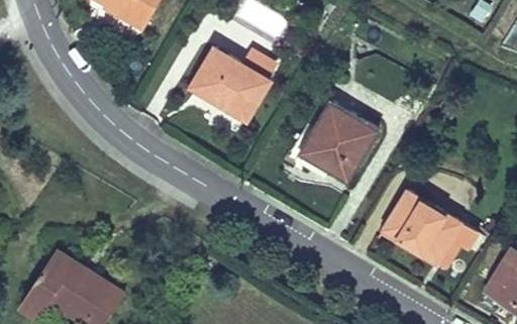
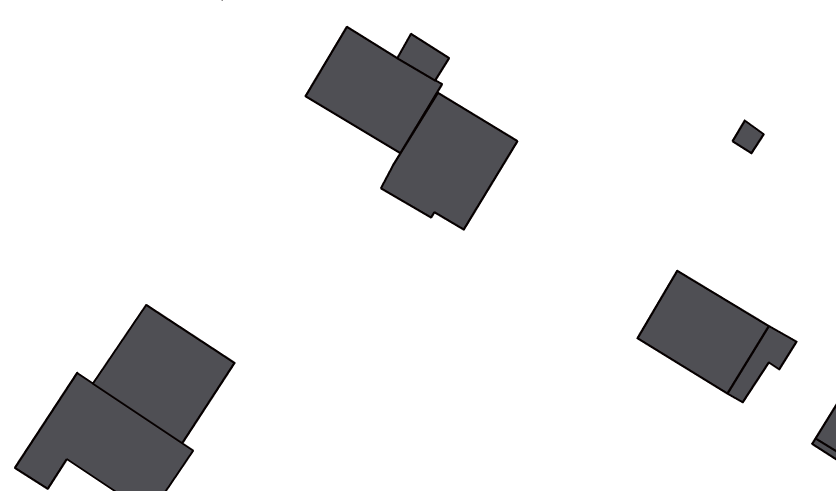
building: [298,102,378,182] -> [381,93,517,230]
building: none -> [93,305,235,443]

